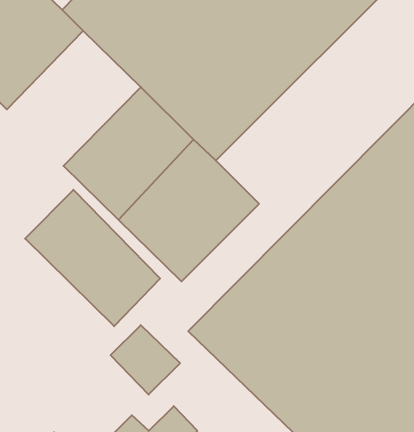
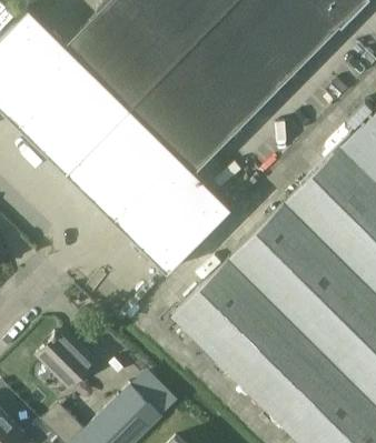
building: none -> [18,62,131,177]
building: [25,190,160,326] -> none
building: [111,325,180,395] -> [37,329,96,387]

